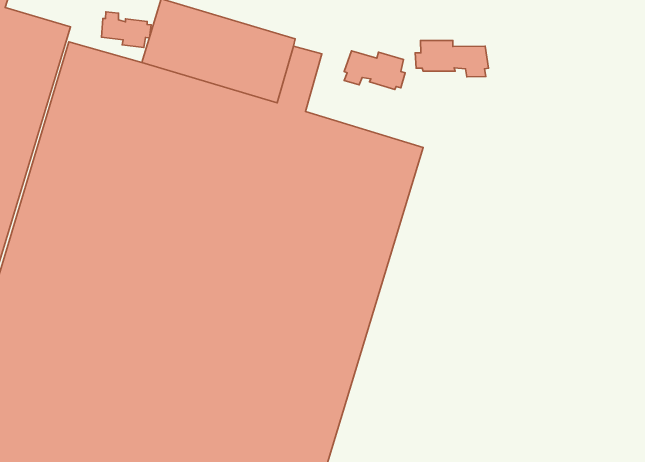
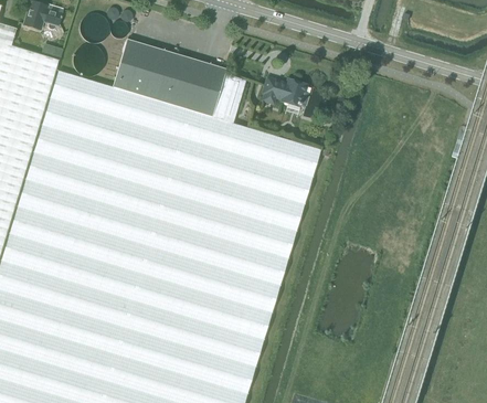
building: [102,12,151,48] -> none
building: [415,40,488,77] -> none

